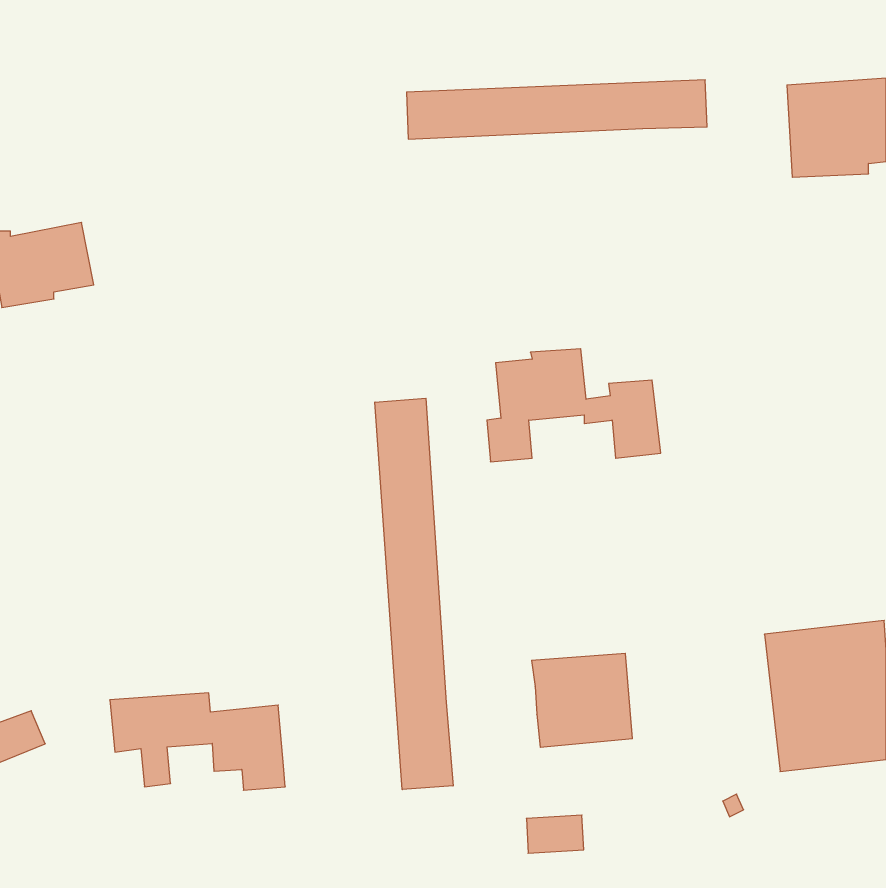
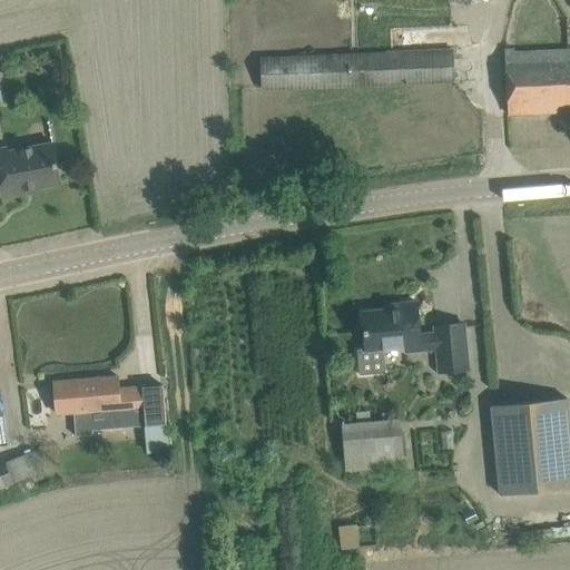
building: [487,349,661,462] -> [356,303,468,375]
building: [375,398,453,790] -> none
building: [110,693,285,790] -> [53,376,166,439]

